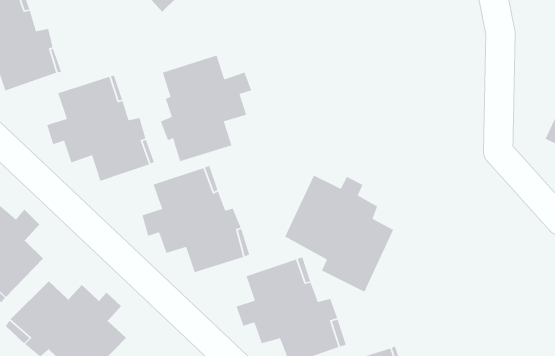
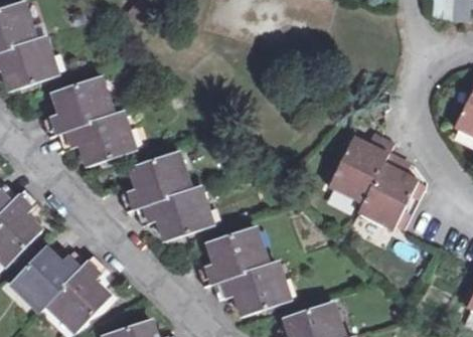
building: [160,54,252,162] -> none
building: [284,175,394,293] -> [328,135,419,232]

